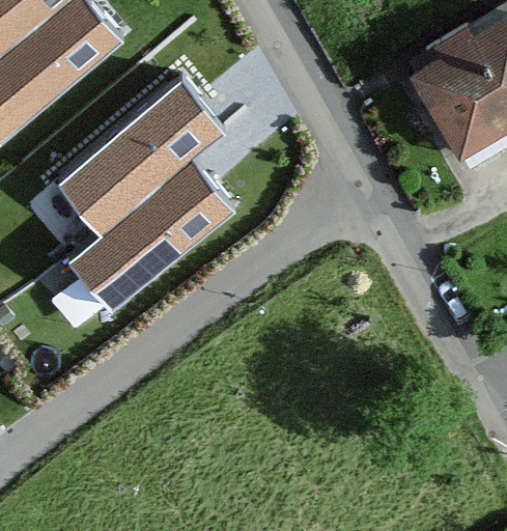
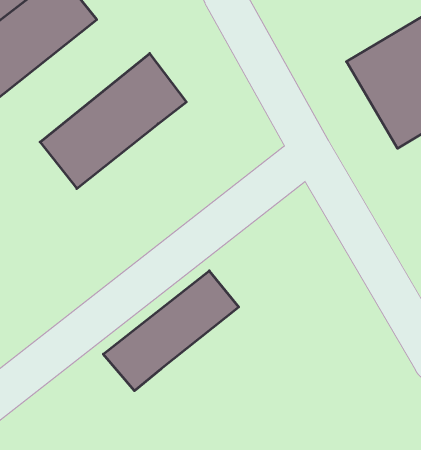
building: [69,157,235,309] -> none
building: none -> [103,271,239,391]

